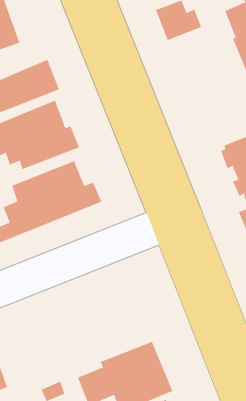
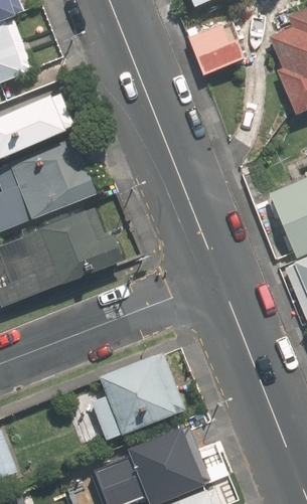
building: none -> [93,354,187,442]

